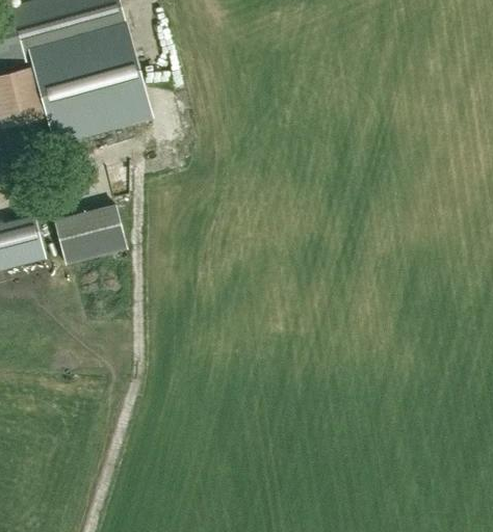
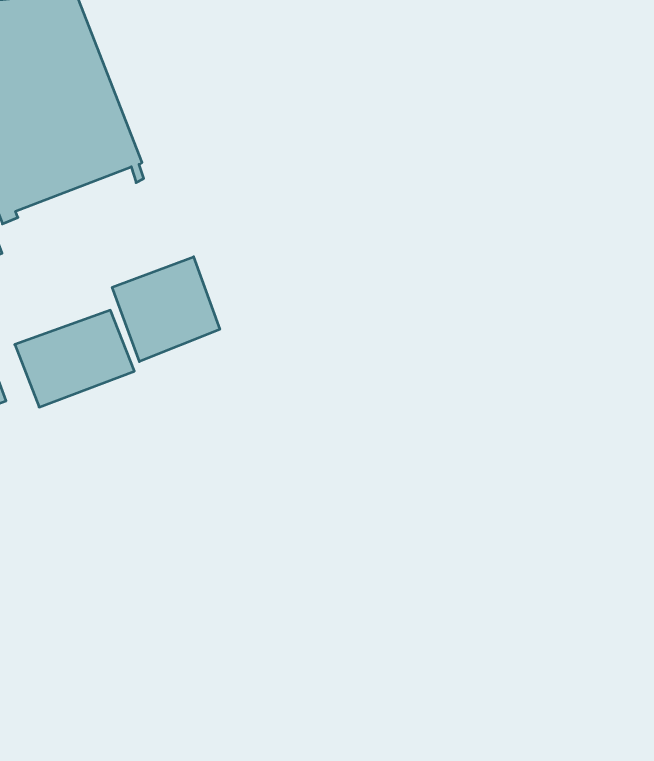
building: none -> [112,257,220,362]

